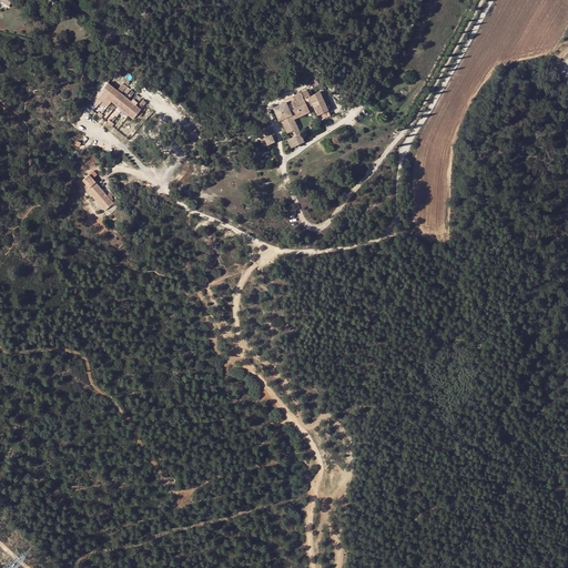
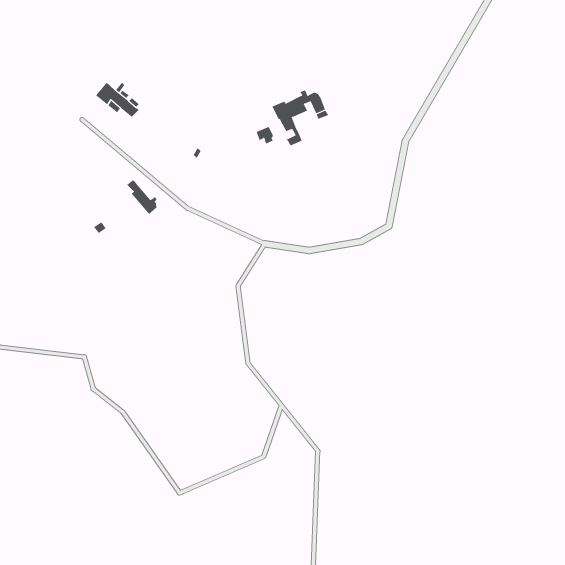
building: [81,174,112,210] -> [127,179,158,215]

